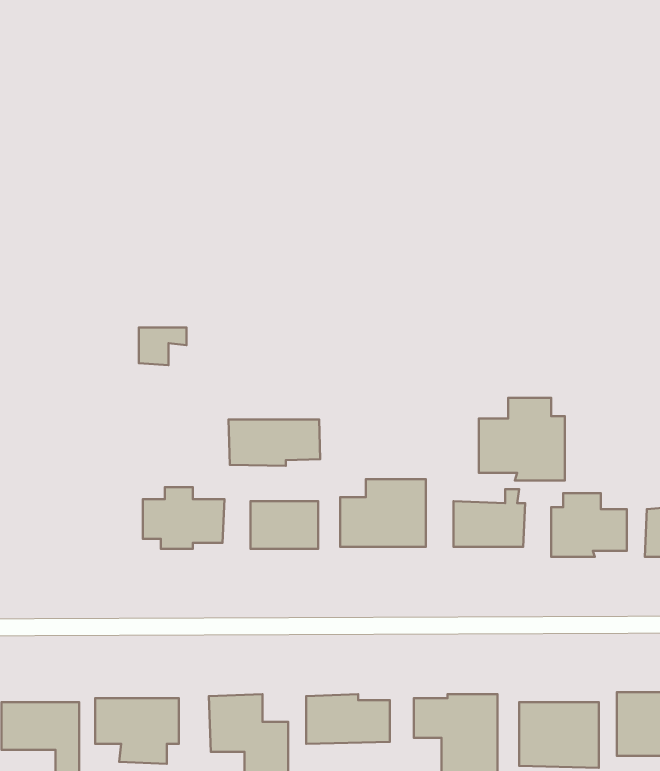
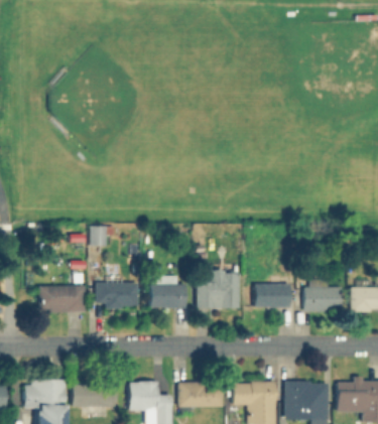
building: [139,327,187,365] -> [91,227,115,246]
building: [479,398,565,481] -> none
building: [229,419,320,466] -> none
building: none -> [39,274,86,312]

